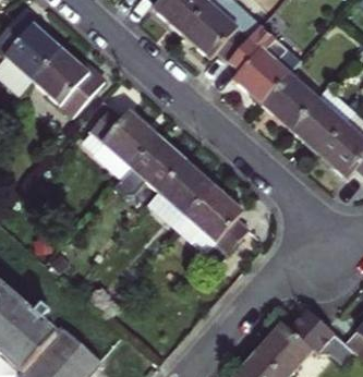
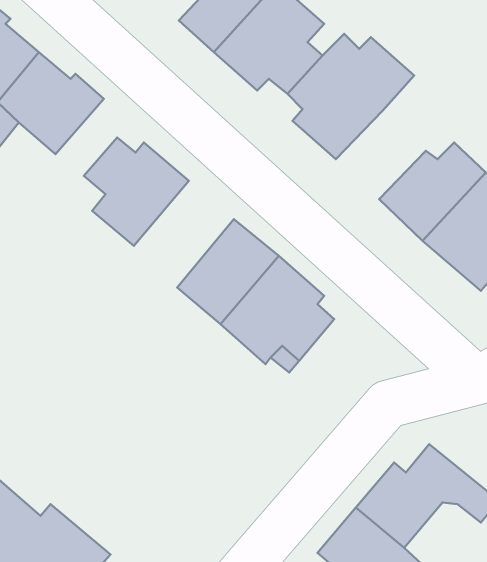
building: [251,77,310,135] -> none
building: [119,123,184,193] -> none

